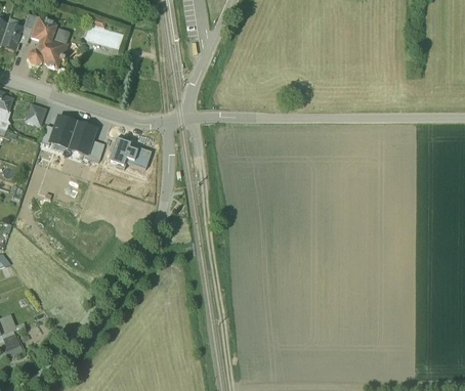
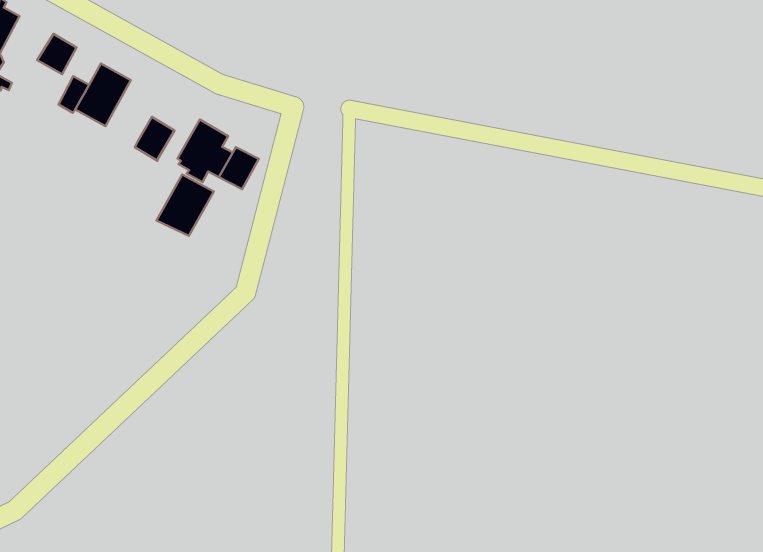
building: [68,122,95,154] -> [156,174,214,236]

